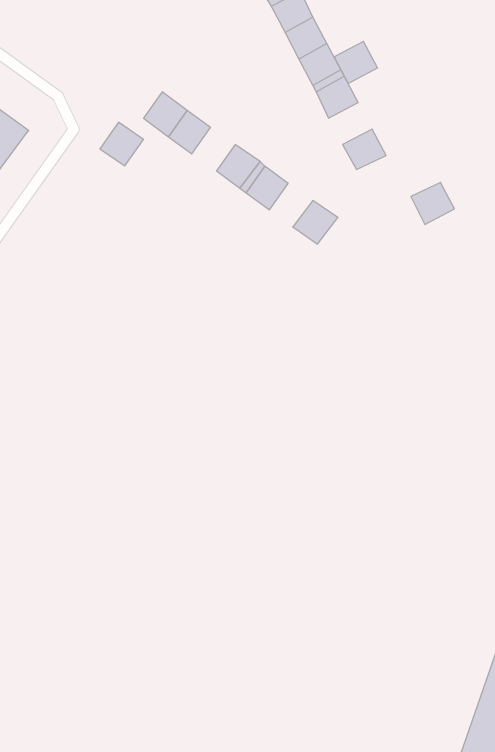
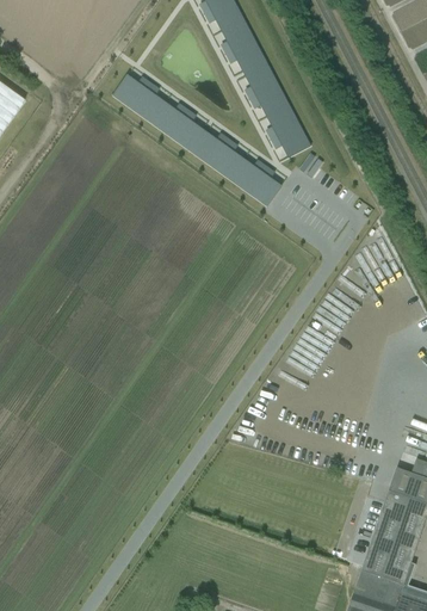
building: [334,41,378,83] -> [254,82,287,115]
building: [100,122,143,166] -> [149,101,182,135]
building: [411,182,454,224] -> [276,123,309,155]
building: none -> [209,144,242,178]
building: none -> [246,171,280,205]

